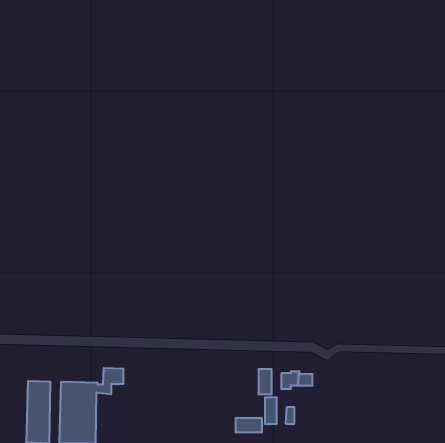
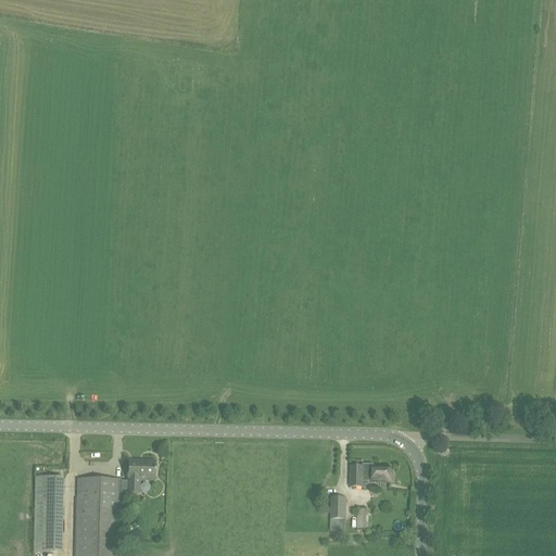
building: [259,369,272,395] -> none
building: [236,418,262,432] -> none

